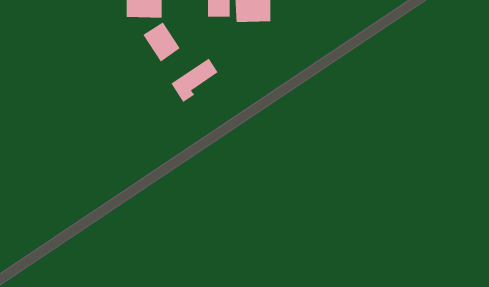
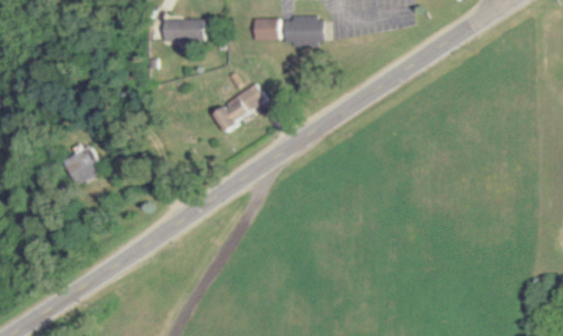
building: [142,22,181,62] -> none
building: none -> [67,146,103,182]

